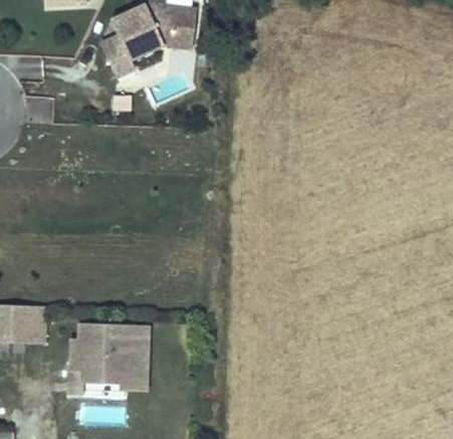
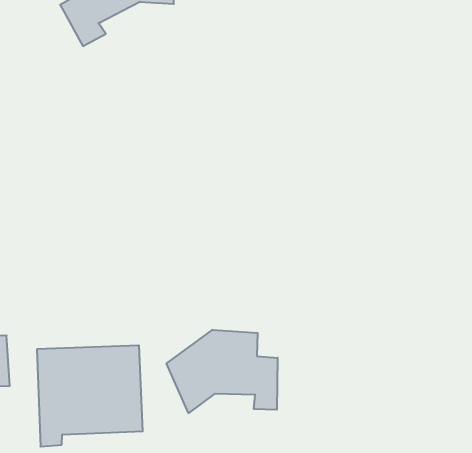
building: none -> [167,330,278,413]

